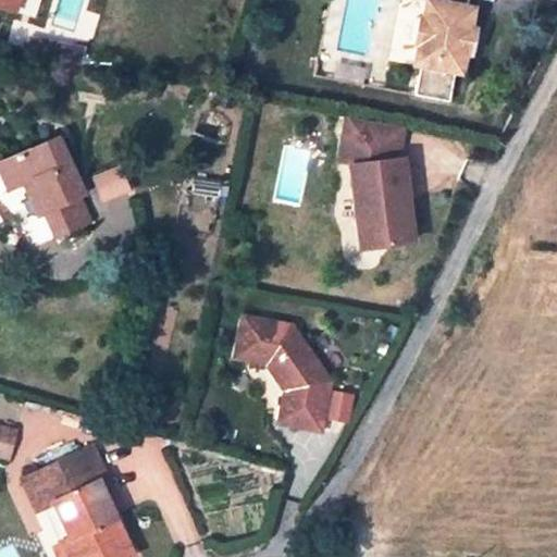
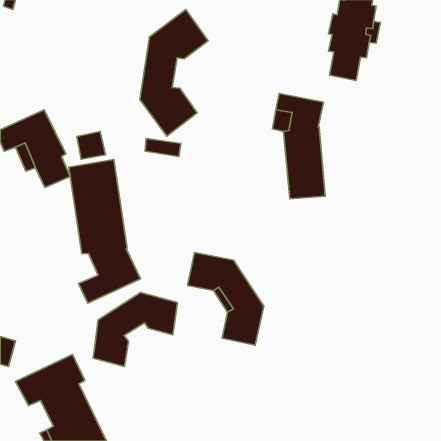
building: none -> [140,10,208,136]
building: none -> [69,160,140,303]
building: none -> [93,292,178,366]

